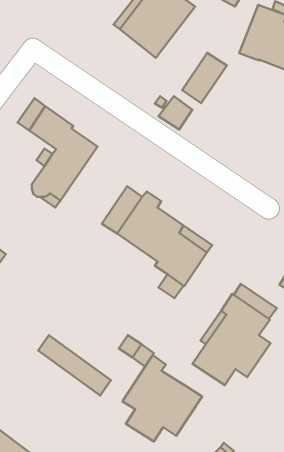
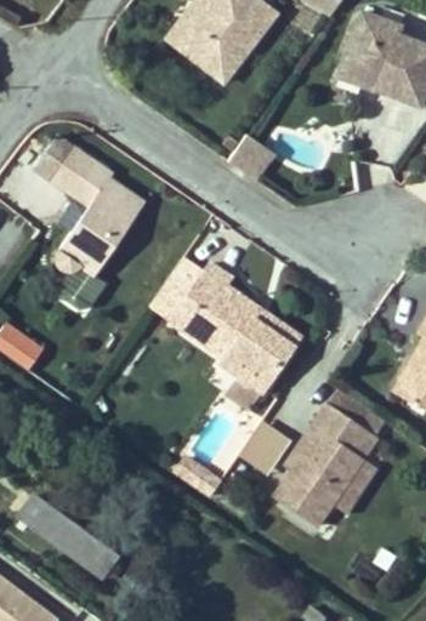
building: [182,53,227,103] -> none
building: none -> [237,420,291,479]
building: [38,335,111,395] -> [19,495,118,576]
building: [123,355,202,442] -> none

